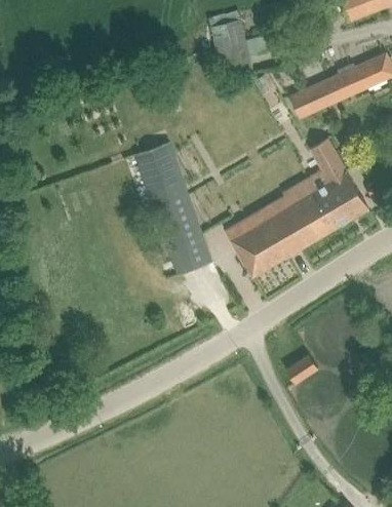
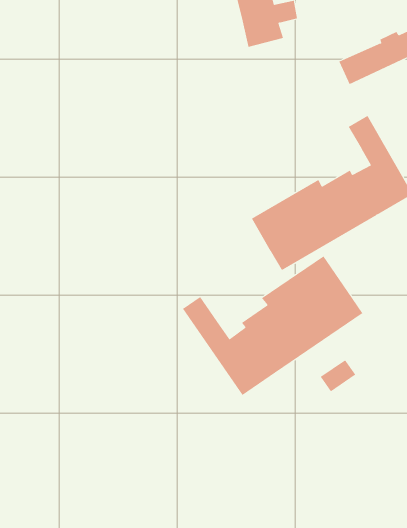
building: [135,142,212,274] -> none
building: none -> [182,256,363,396]

